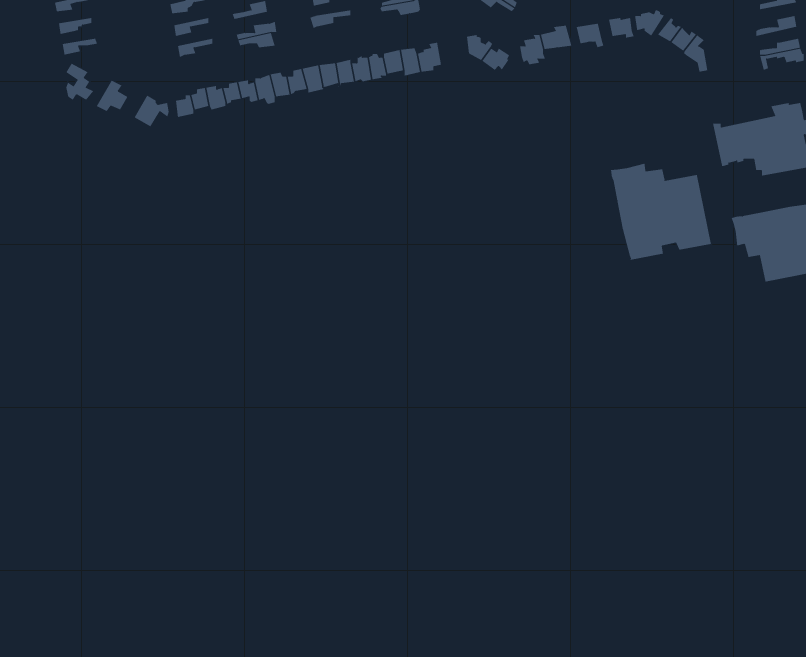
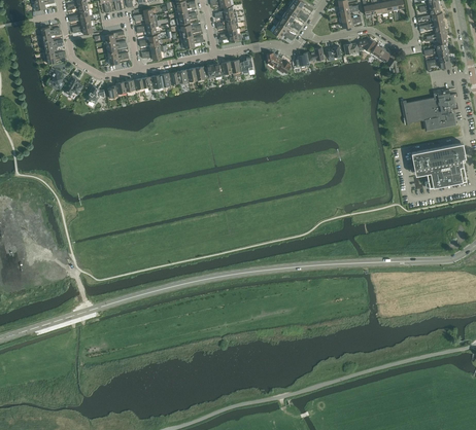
building: [610,163,711,261] -> none

